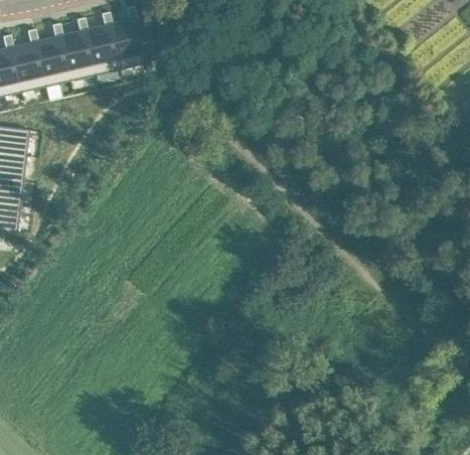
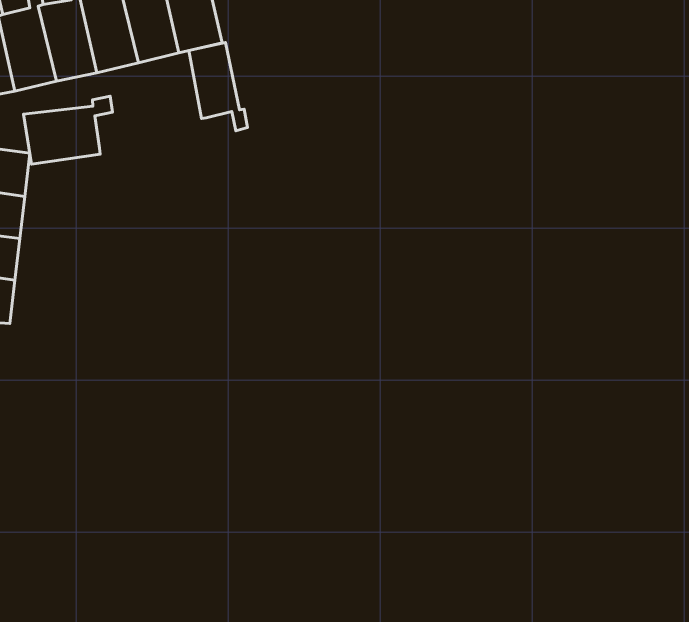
building: none -> [189,42,247,131]
building: none -> [24,96,113,164]

